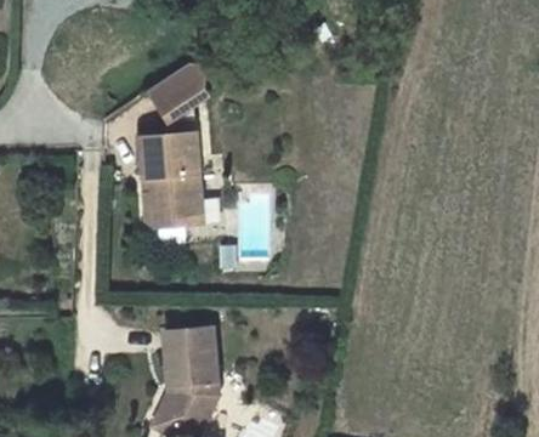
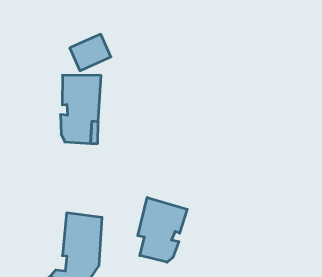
building: none -> [138,197,187,262]

